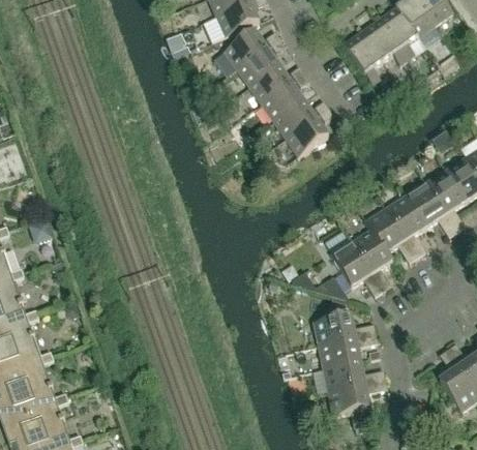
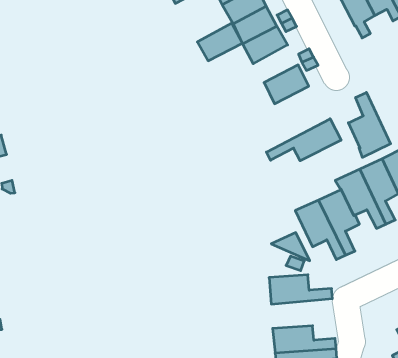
building: [273,99,316,138] -> [197,23,242,61]
building: none -> [348,92,391,157]
building: none -> [266,119,341,161]
building: [319,333,378,368] -> none

